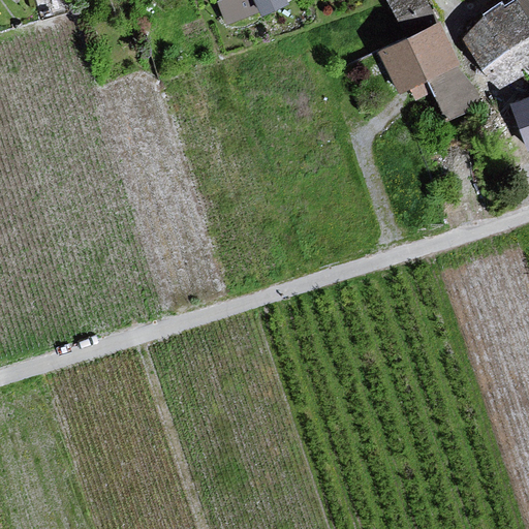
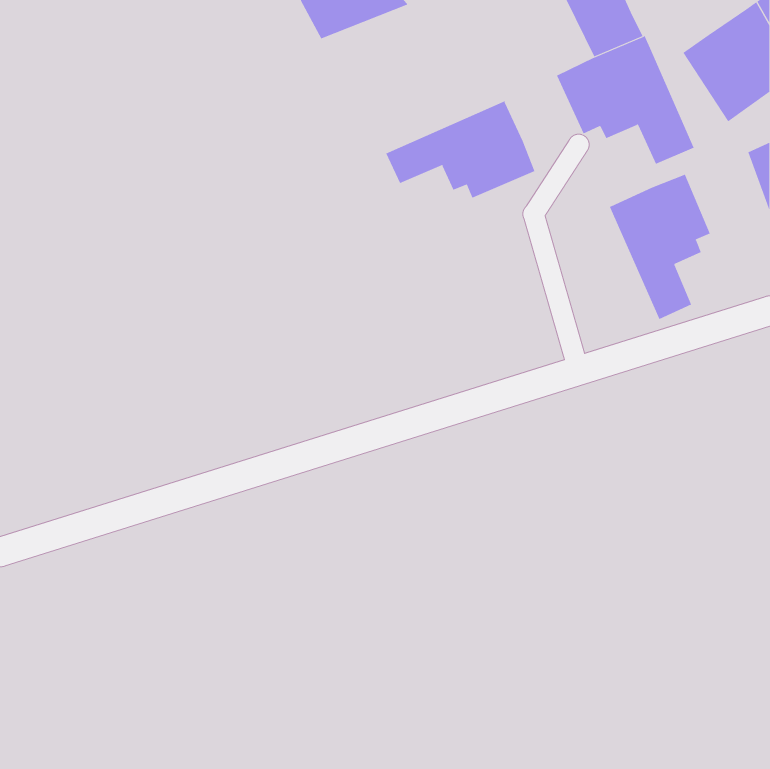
building: none -> [386,100,535,198]
building: none -> [609,174,711,320]

